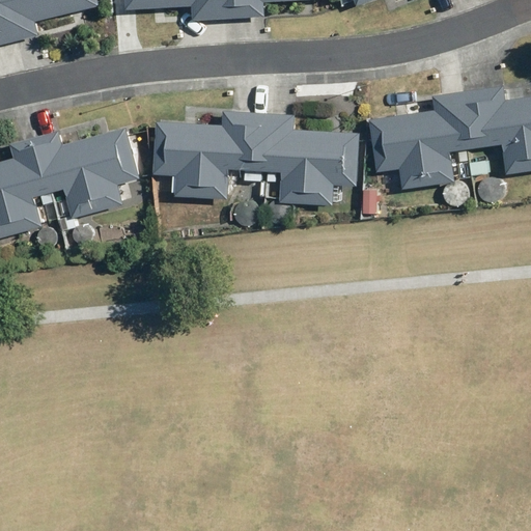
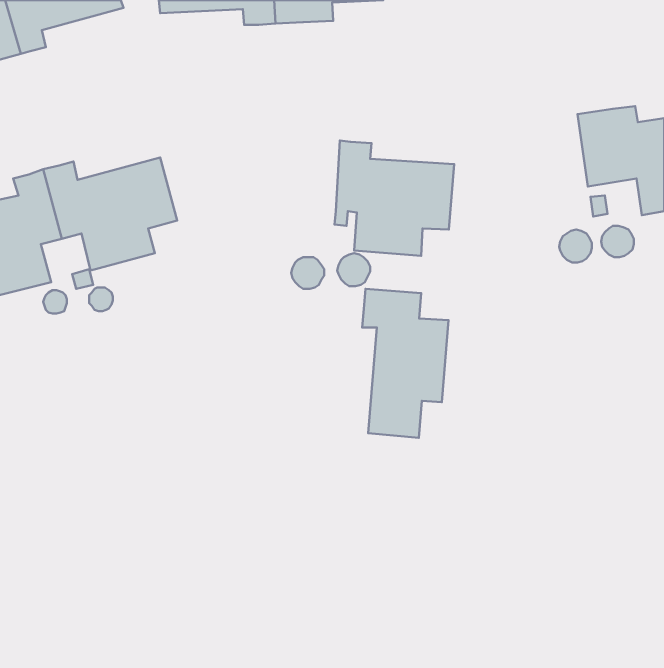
building: [370,92,465,189] -> none
building: [152,110,269,197] -> none
building: none -> [362,289,449,438]

